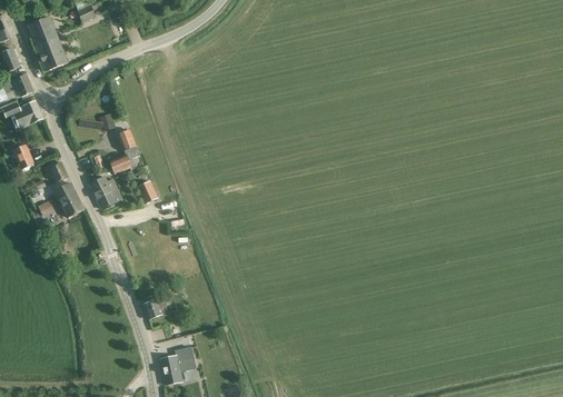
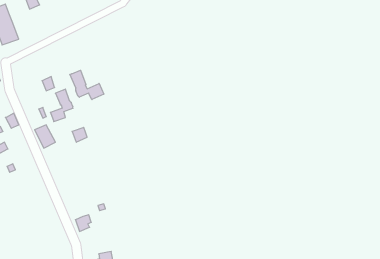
building: none -> [70,70,104,100]
building: [53,182,83,217] -> none

